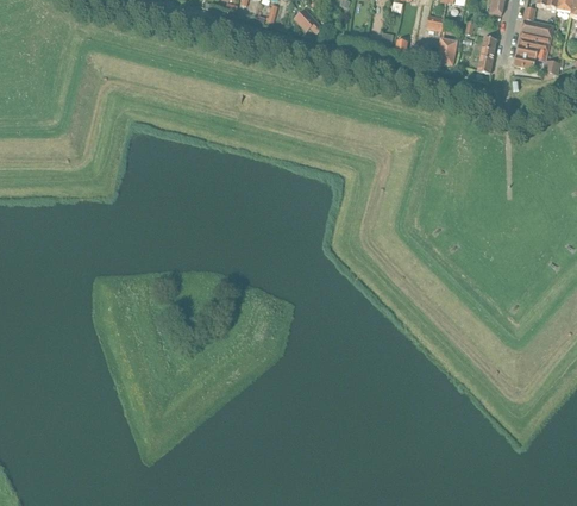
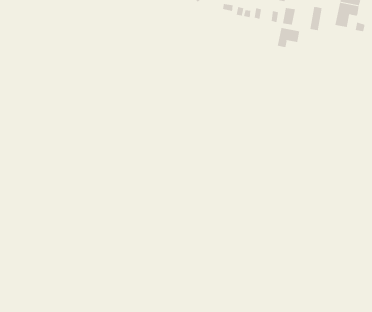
building: none -> [277,27,300,48]

